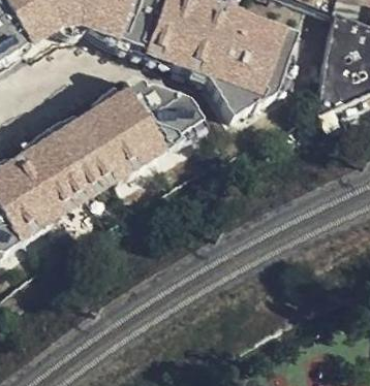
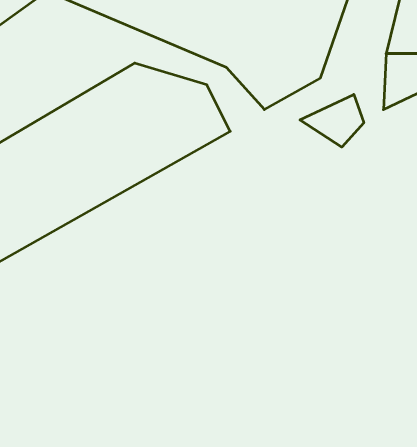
building: none -> [300,94,364,147]

